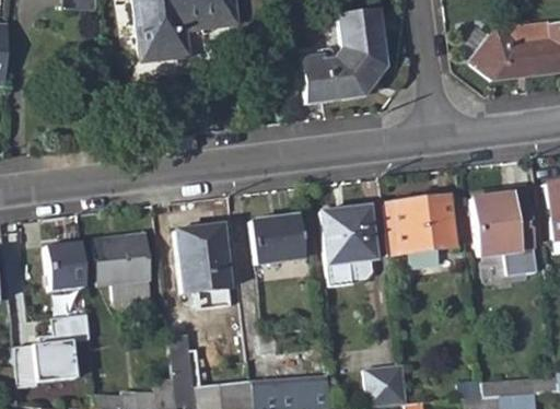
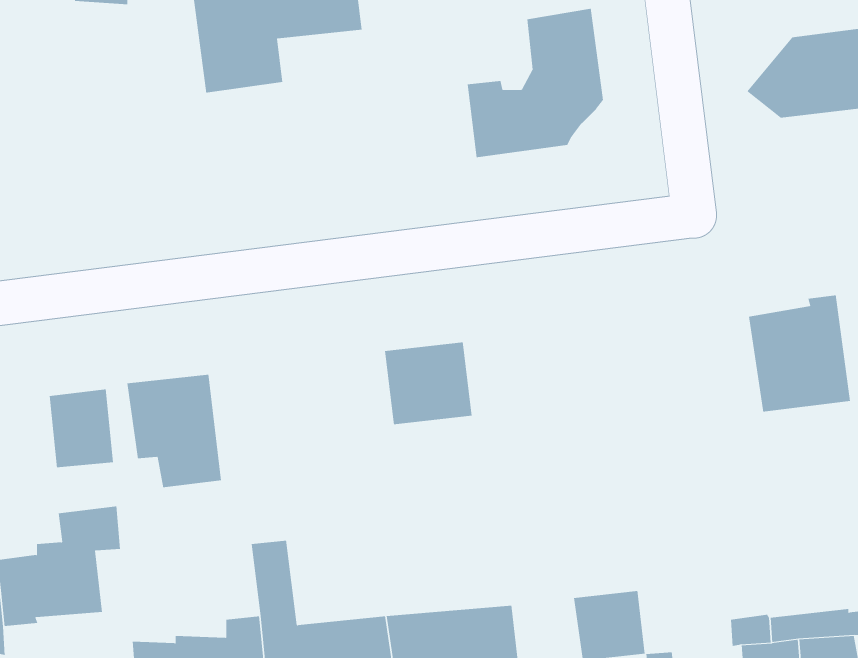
building: [385,195,456,254] -> none
building: [322,204,376,284] -> none
building: [175,222,234,307] -> none

